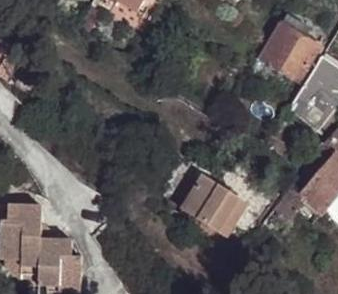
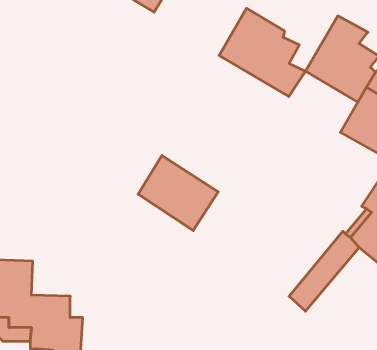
building: none -> [219,8,306,97]
building: [181,175,245,235] -> [138,155,218,231]

